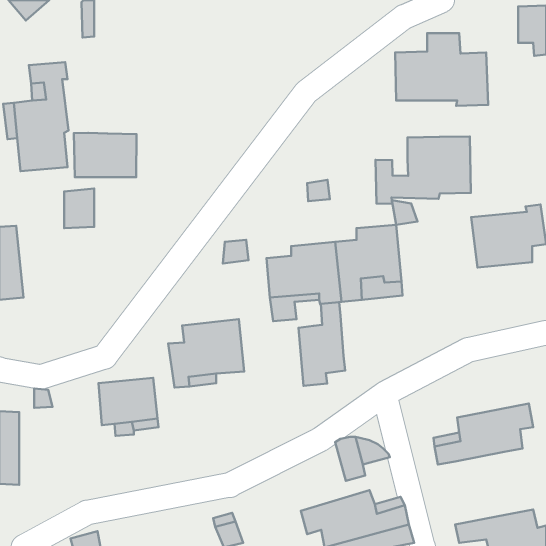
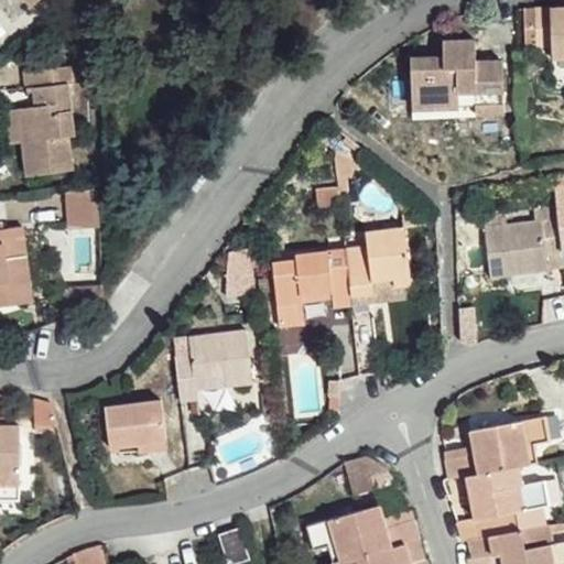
building: [74,133,136,177] -> none
building: [376,136,471,204] -> none
building: [299,302,345,386] -> none
building: none -> [457,466,547,541]

